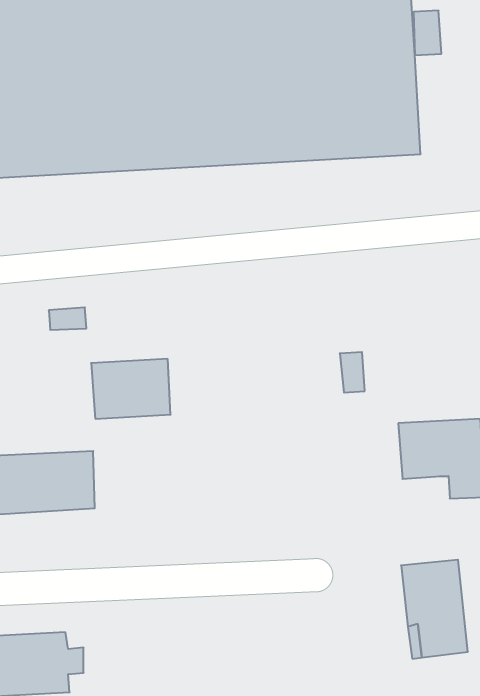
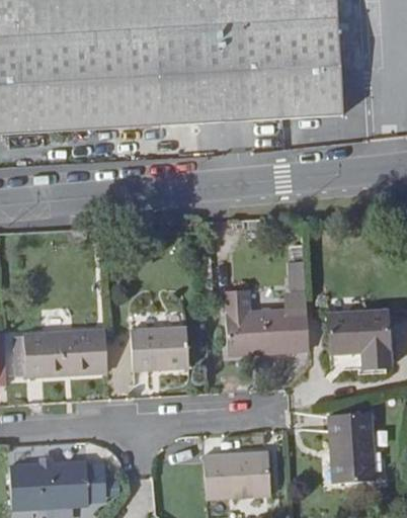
building: [91,359,171,419] -> [131,328,188,371]
building: none -> [225,291,309,356]
building: none -> [204,453,269,499]

